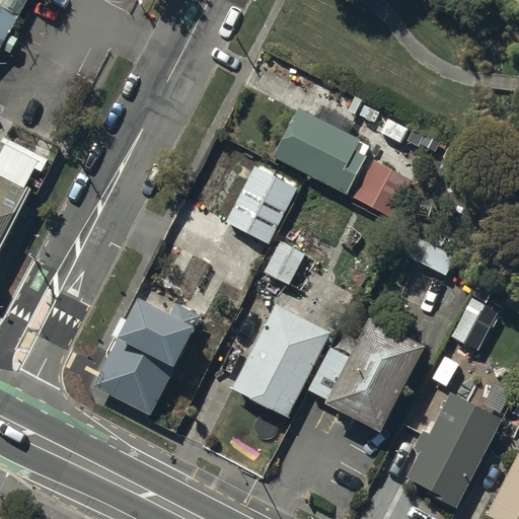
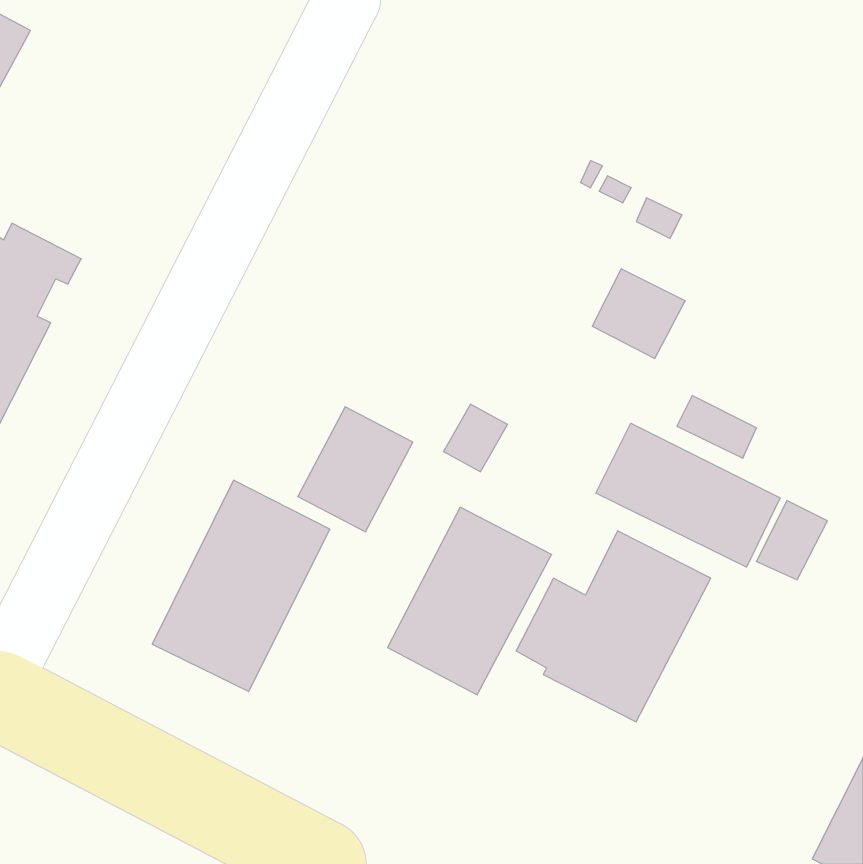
building: [275,112,366,193] -> none
building: [227,166,296,241] -> [298,407,413,532]
building: none -> [596,423,780,567]
building: [405,393,503,509] -> none

